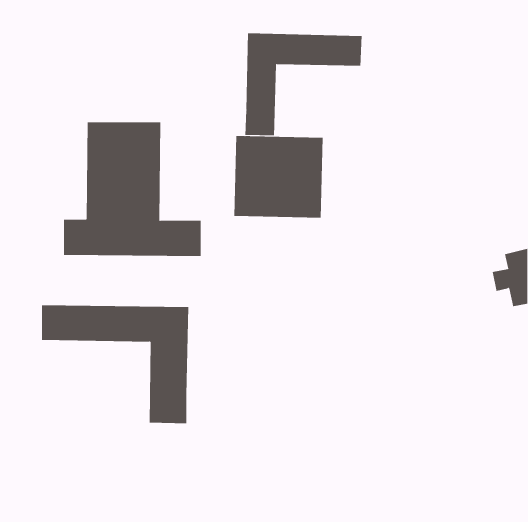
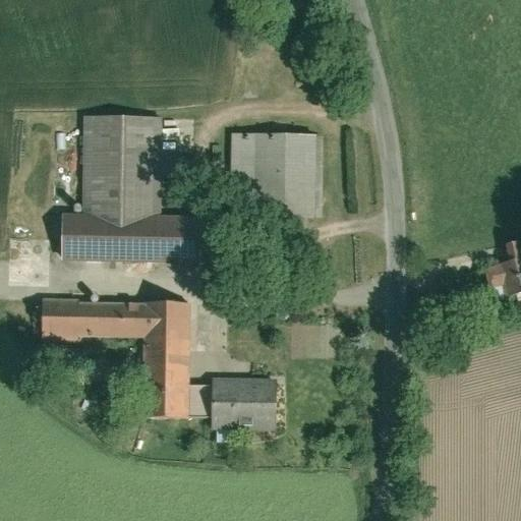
building: [245,32,362,136] -> none
building: none -> [184,380,274,428]

